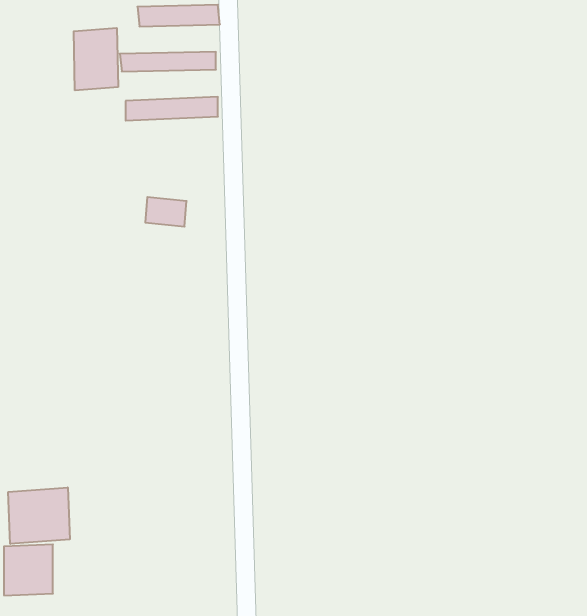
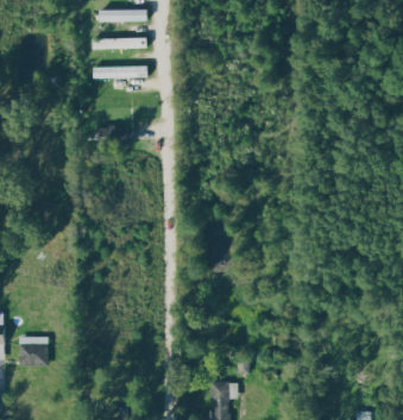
building: [74,28,118,90] -> none
building: [8,487,70,544] -> none

